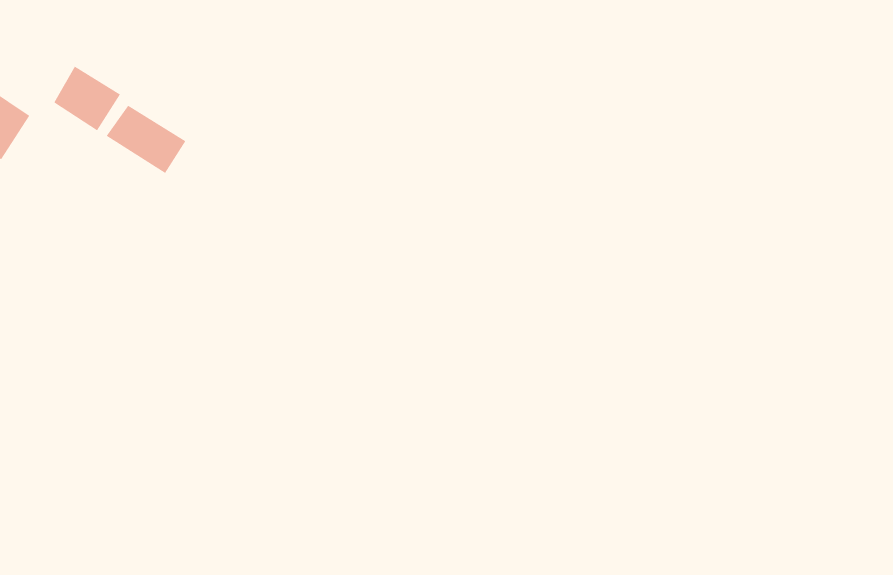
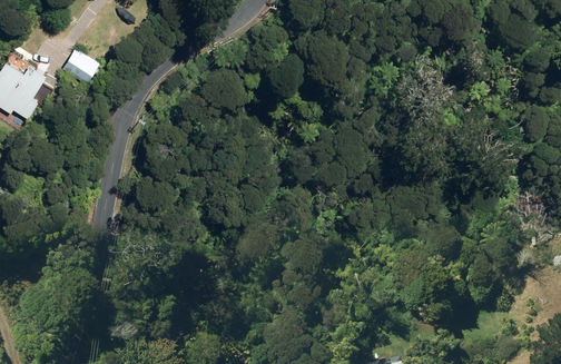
building: [106,105,186,174] -> none

